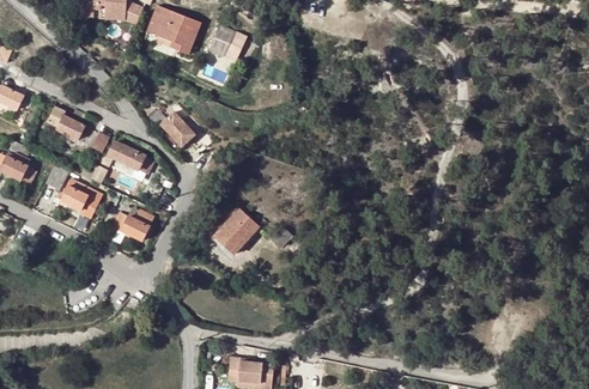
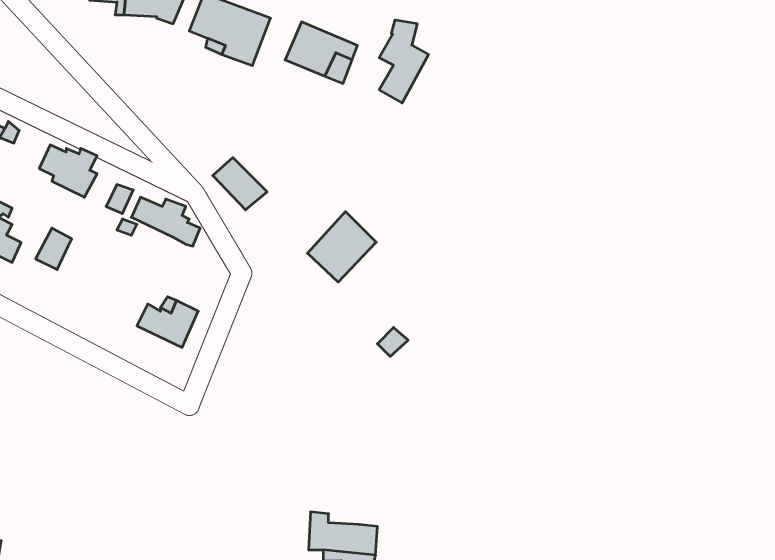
building: none -> [379,20,428,103]
building: [59,178,101,219] -> none
building: [213,207,259,254] -> [307,212,376,282]

